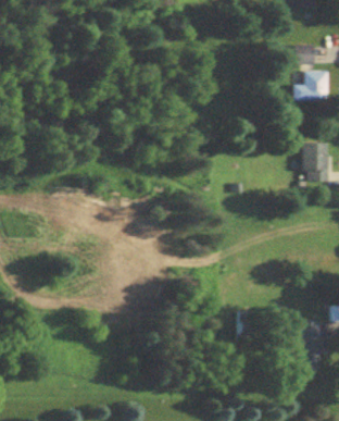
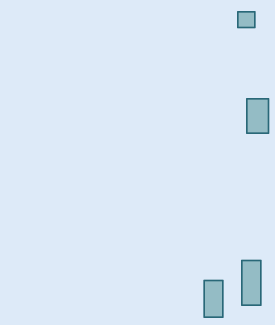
building: [296,70,328,99] -> none
building: none -> [204,281,223,317]

